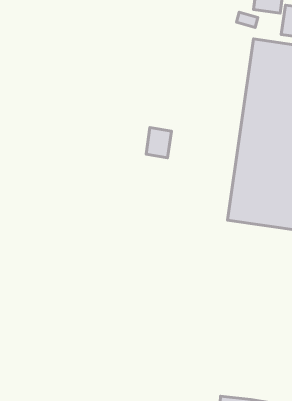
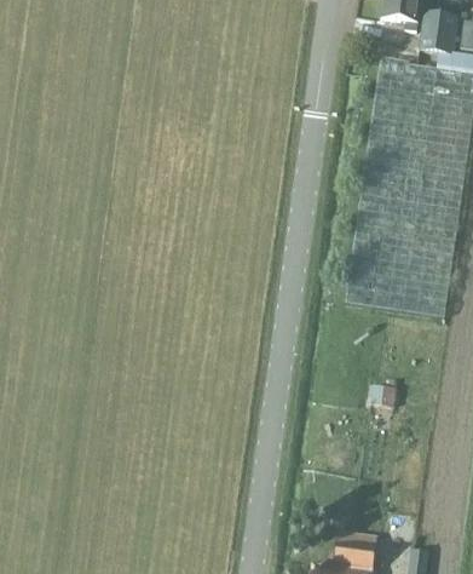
building: [146,128,171,158] -> none

